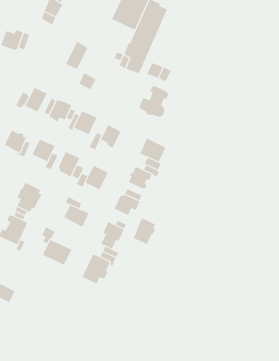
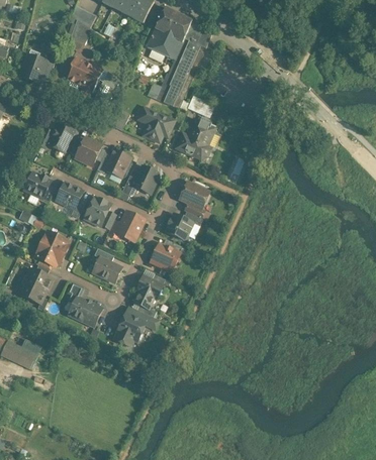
building: none -> [66,55,103,92]
building: none -> [138,107,175,141]
building: [133,217,156,245] -> none

